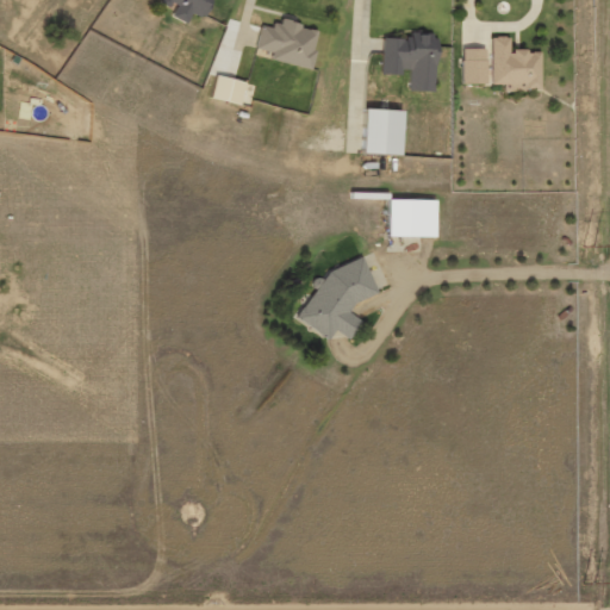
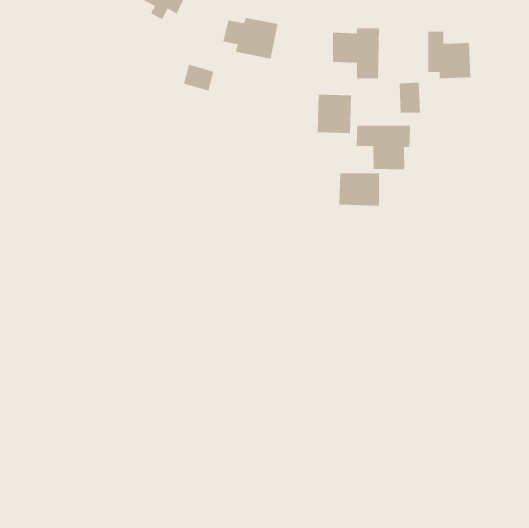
building: [462,48,487,83] -> [399,82,421,113]
building: none -> [356,125,411,170]
building: [299,256,379,338] -> none

